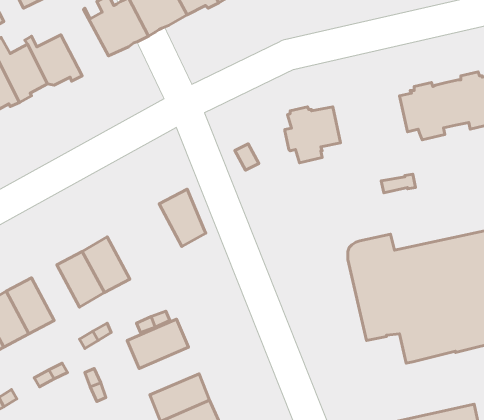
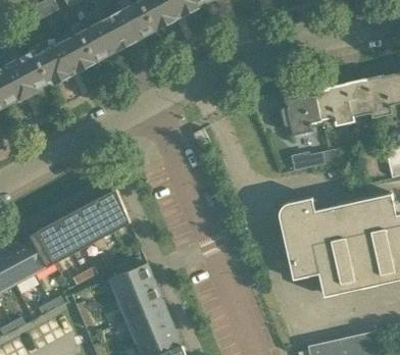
building: none -> [58,24,95,75]
building: [285,107,341,163] -> [282,91,324,134]
building: [159,189,206,246] -> [94,188,130,232]
building: none -> [36,220,72,263]
building: none -> [118,284,164,320]

